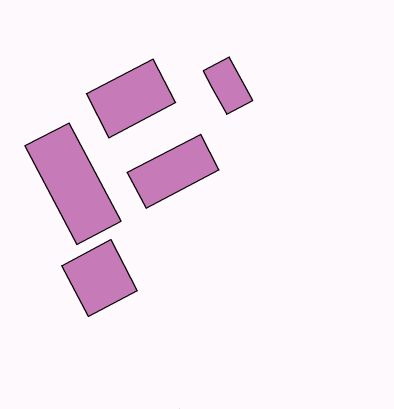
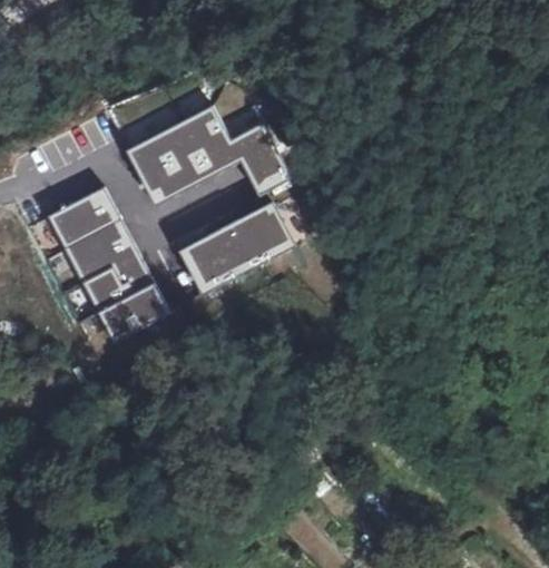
building: [203,57,253,114] -> [228,120,292,194]
building: [62,240,137,316] -> none

